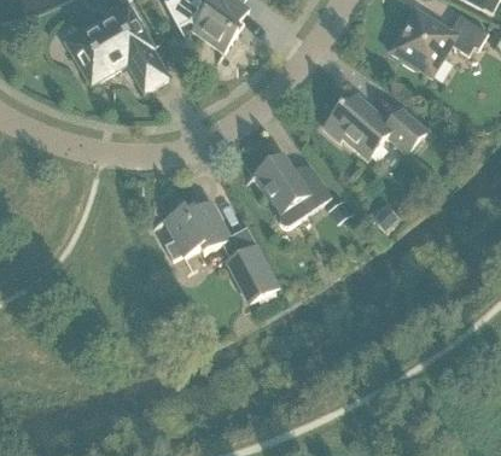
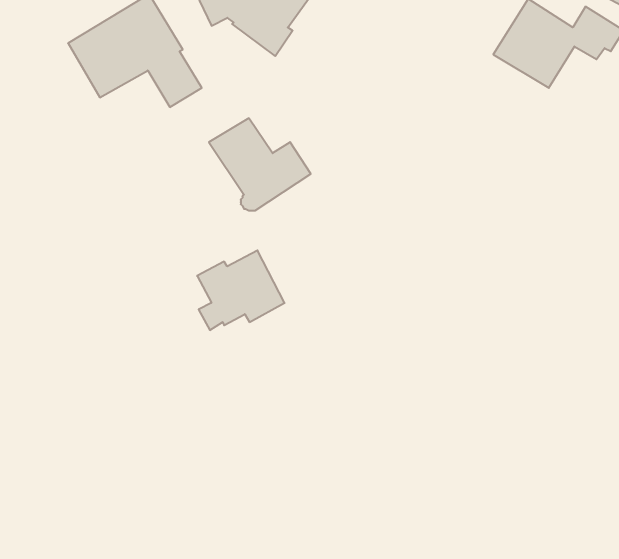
building: [321,90,425,156] -> none
building: [252,152,330,222] -> [209,118,311,211]
building: [222,240,279,302] -> none

